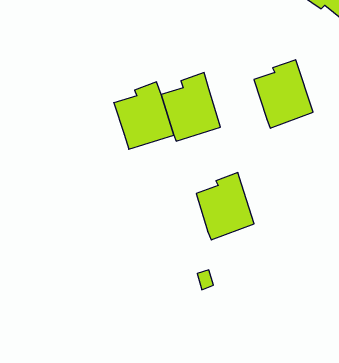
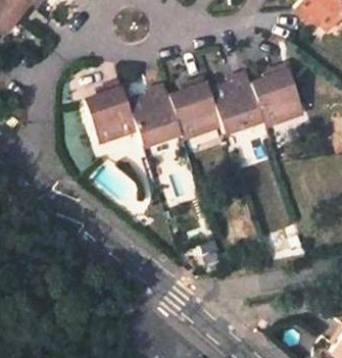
building: none -> [85,83,137,143]
building: [196,173,254,240] -> [211,72,262,132]

